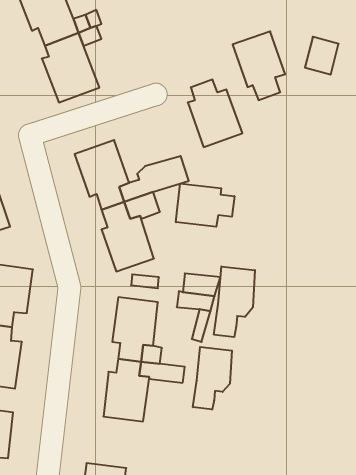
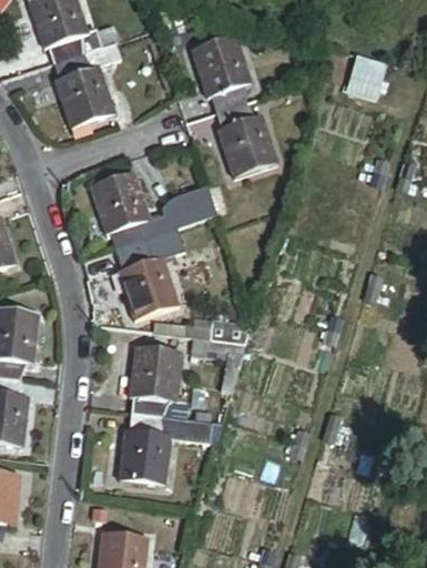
building: [233,31,285,100] -> [190,34,248,111]
building: [176,184,234,227] -> none
building: [214,266,255,337] -> none
building: [193,347,232,410] -> none

